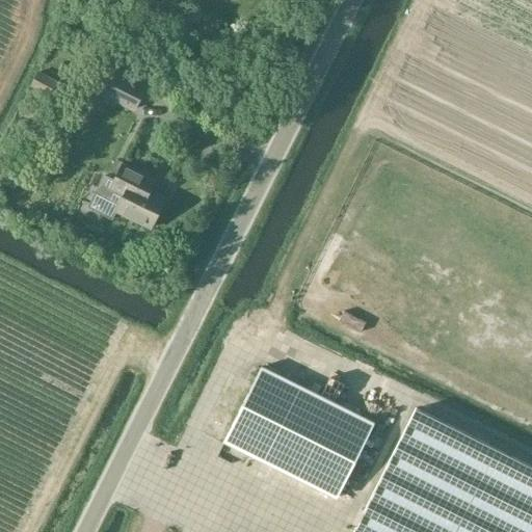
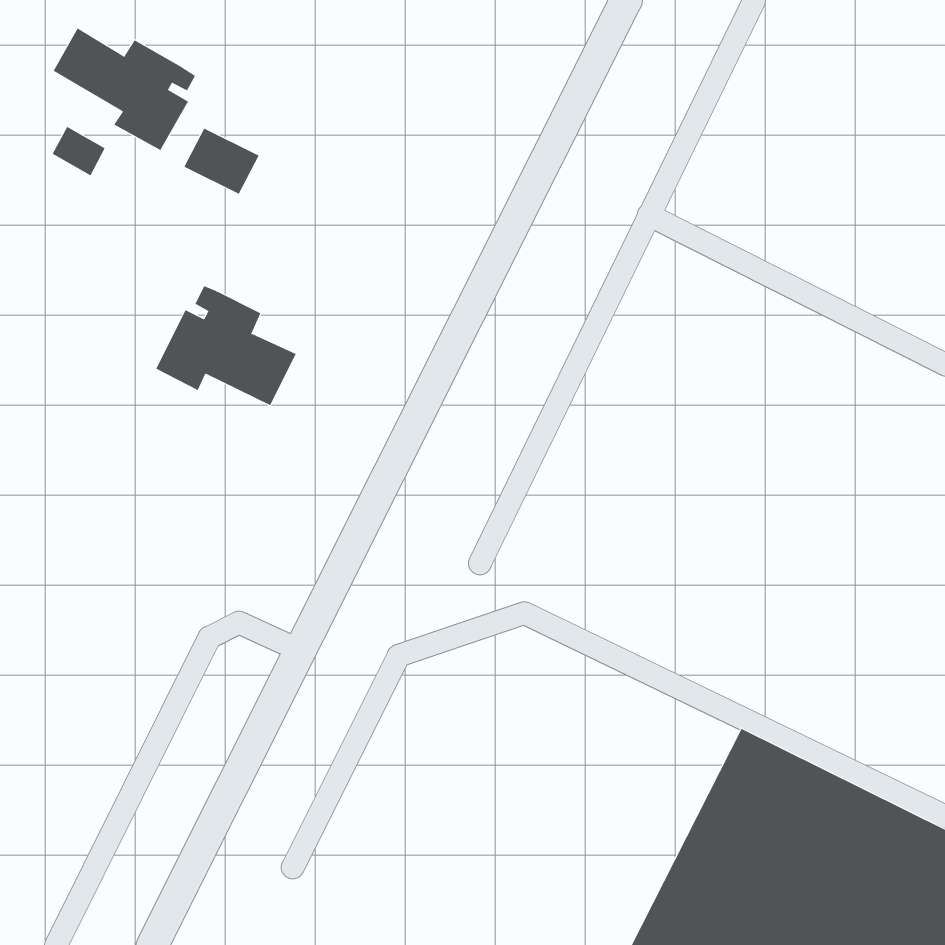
building: none -> [53,28,196,151]
building: [225,368,375,499] -> none

